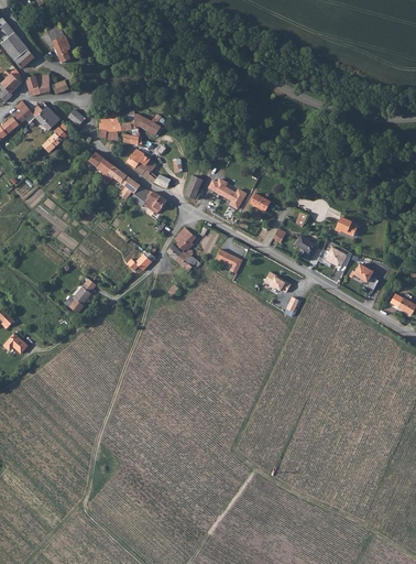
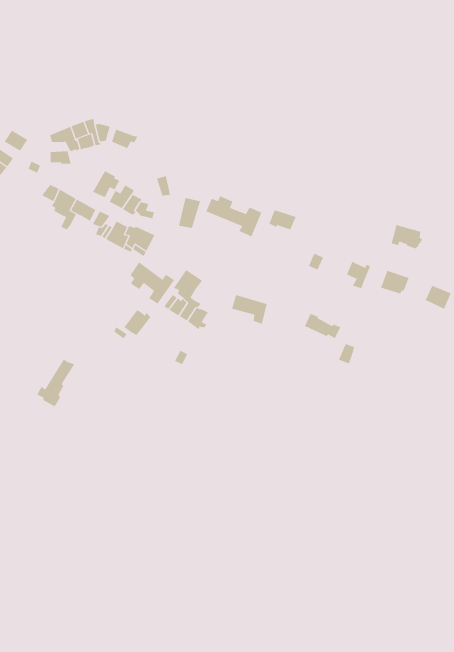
building: none -> [130,262,175,305]

